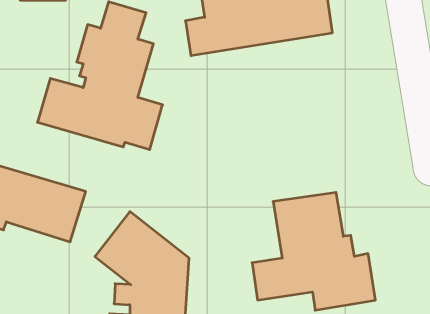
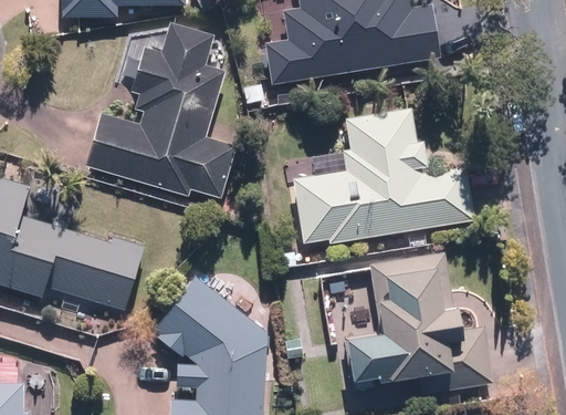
building: none -> [292,107,474,245]

